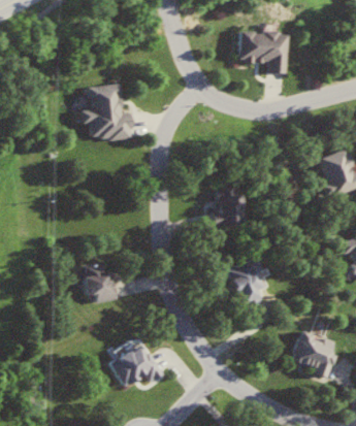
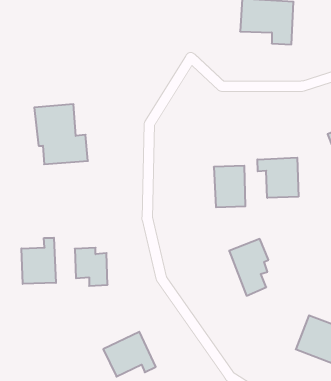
building: [83,84,133,140] -> [34,104,88,164]
building: none -> [257,158,298,198]
building: none -> [21,238,56,284]

